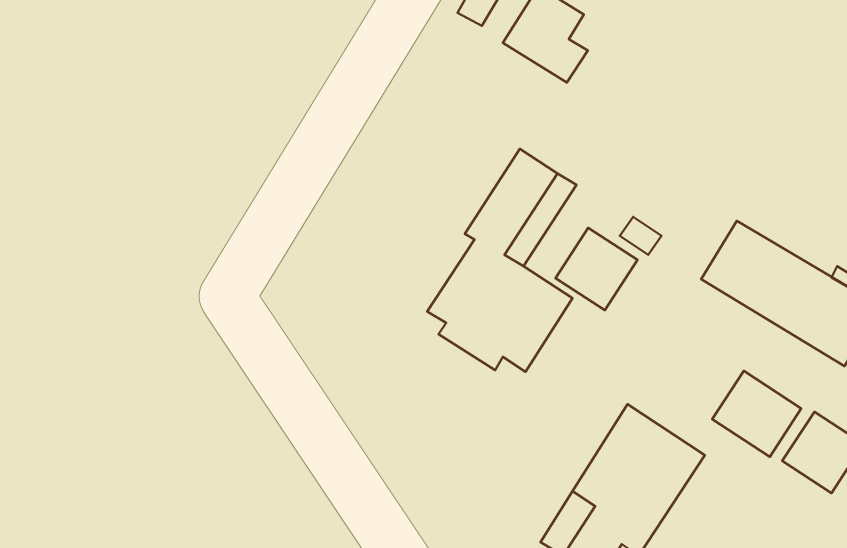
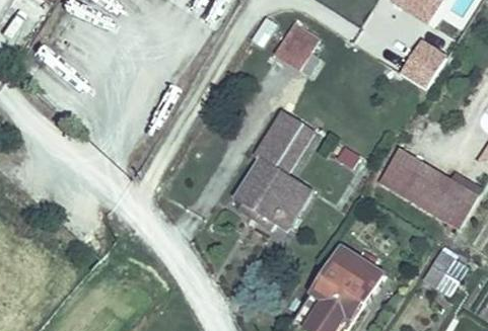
building: none -> [399,35,446,87]
building: [556,228,637,310] -> none
building: [712,371,801,457] -> none

